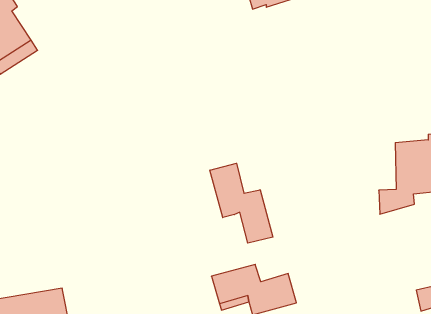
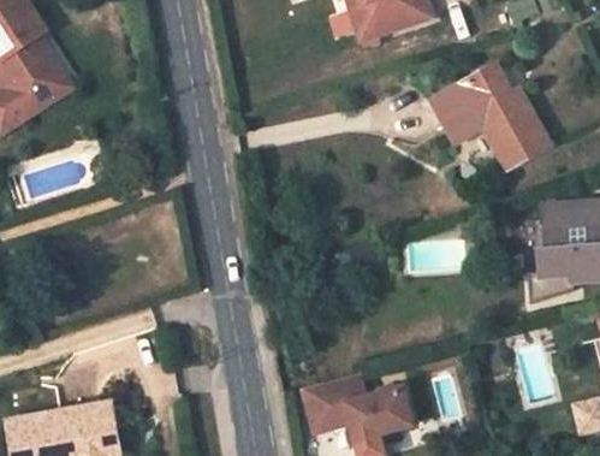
building: none -> [433,66,547,166]
building: [210,163,273,243] -> none

